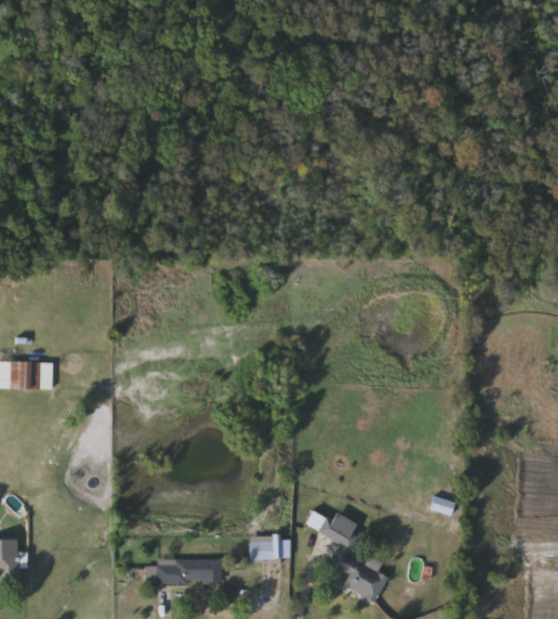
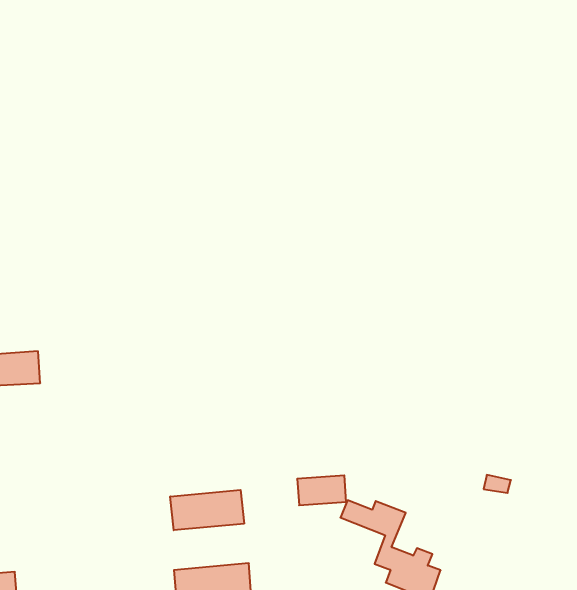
building: none -> [170,490,244,530]
building: [248,535,289,558] -> [297,475,346,505]

